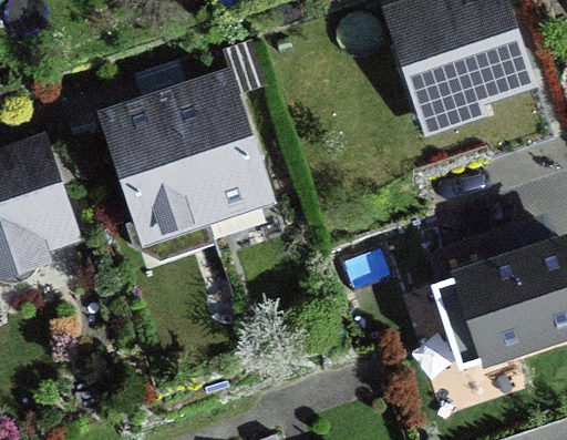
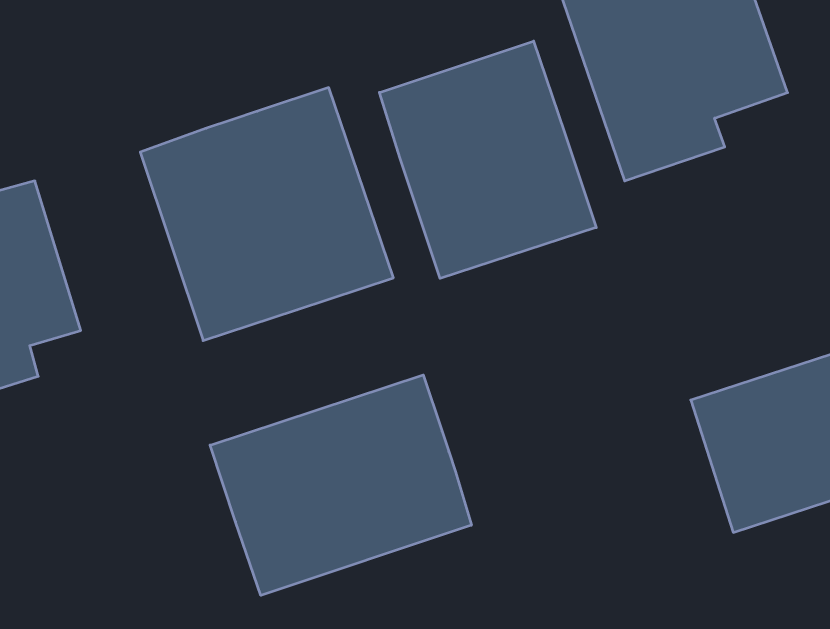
building: none -> [379,41,596,278]
building: none -> [210,375,471,595]

